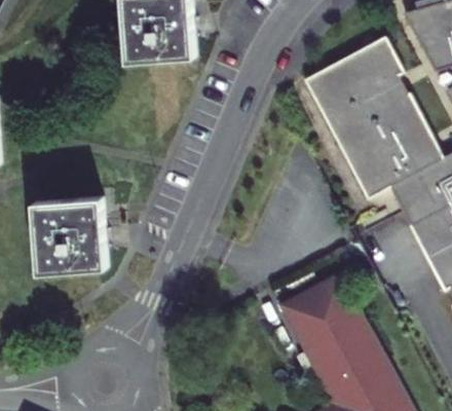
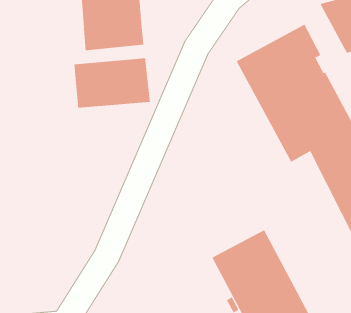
building: none -> [74,57,151,108]
building: [34,199,106,275] -> none

